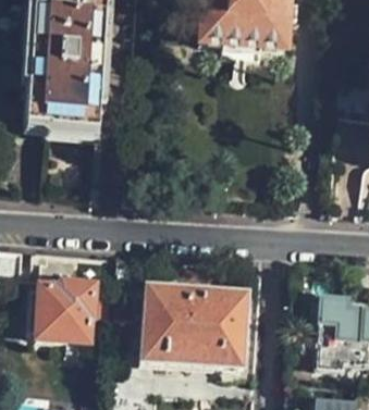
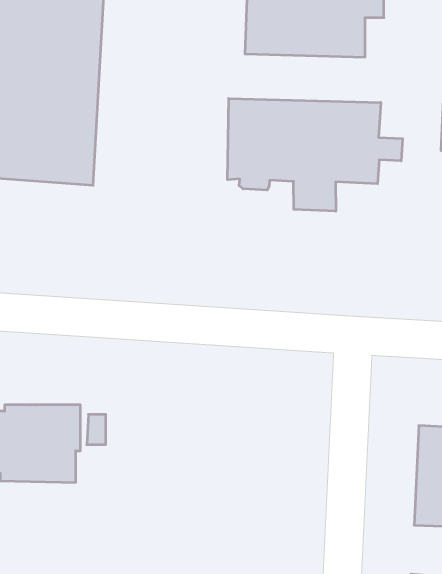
building: none -> [228,98,403,211]
building: [142,285,246,364] -> none

